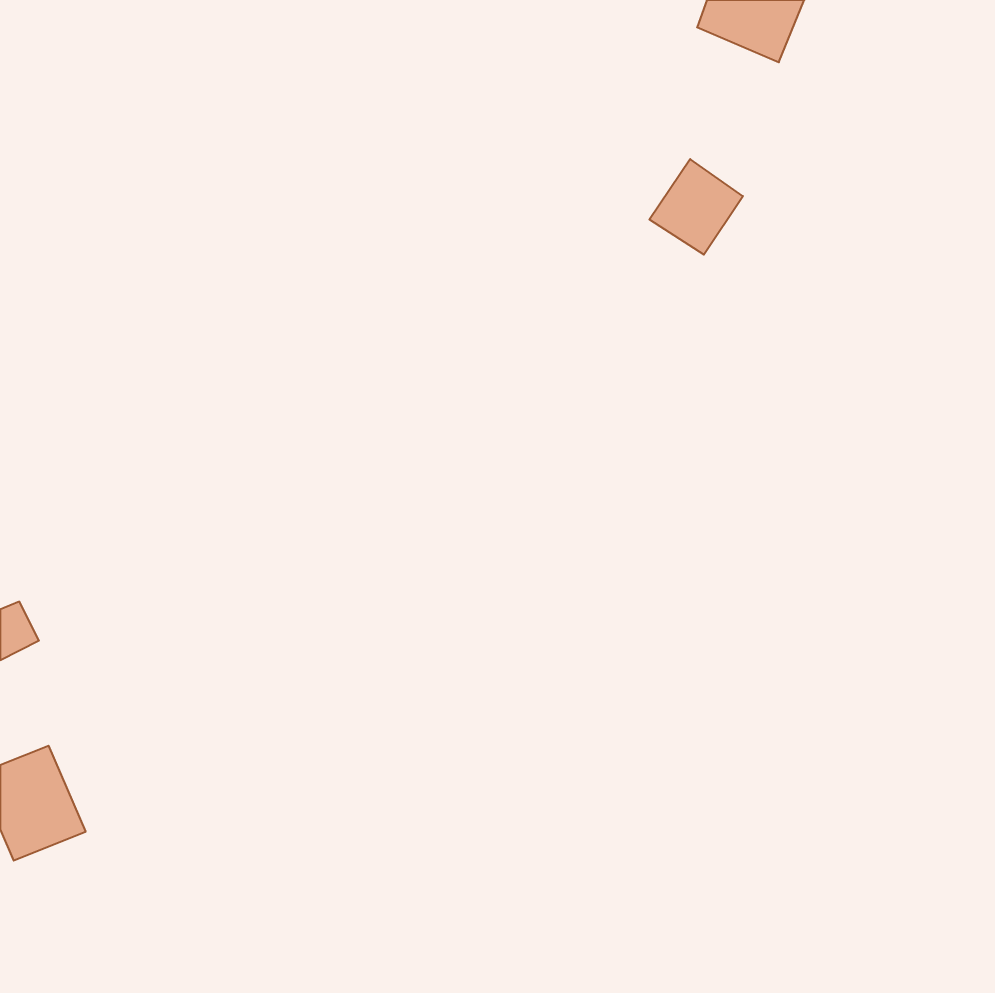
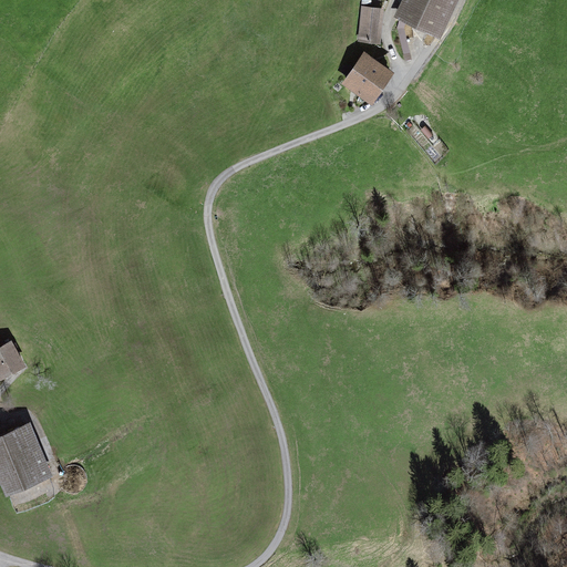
building: none -> [359,6,383,43]
building: [649,159,743,255] -> [341,49,394,103]

